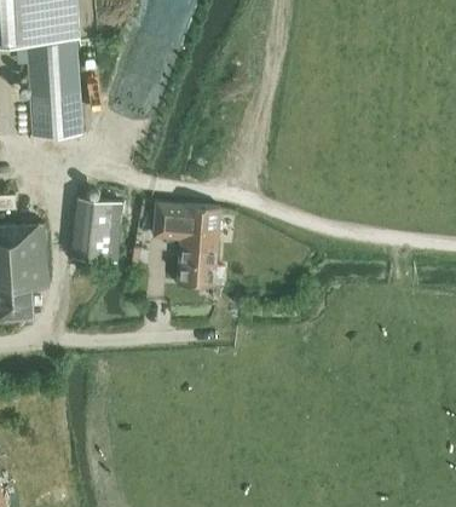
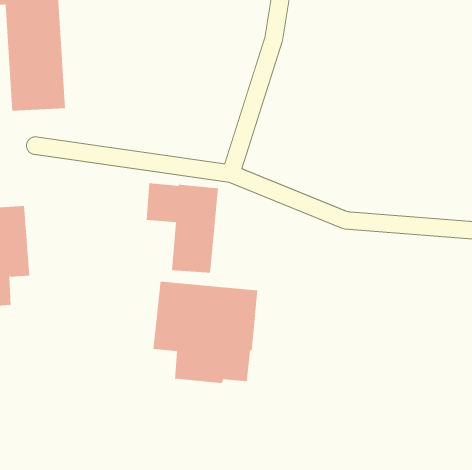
building: [73,196,121,261] -> none
building: none -> [153,281,258,384]

